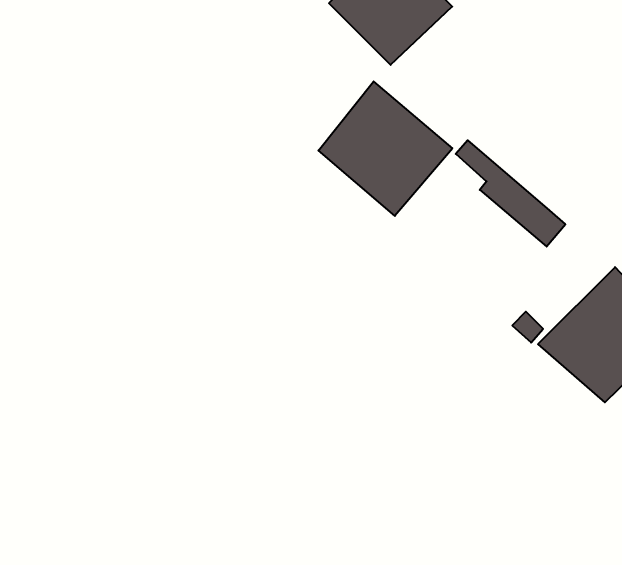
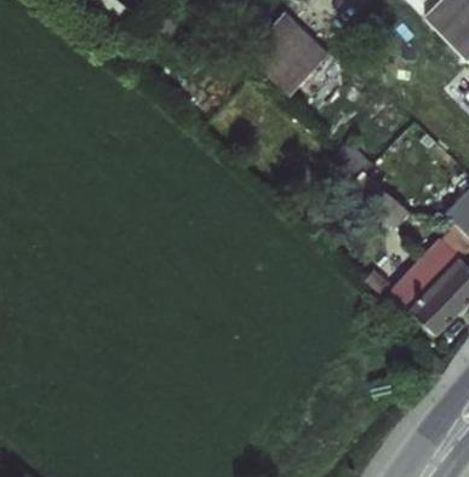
building: [318,81,452,216] -> none

